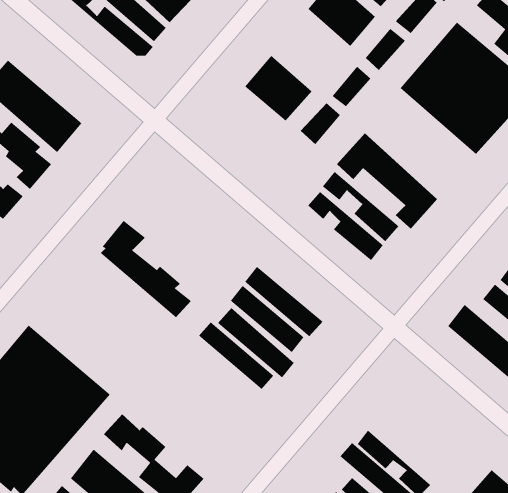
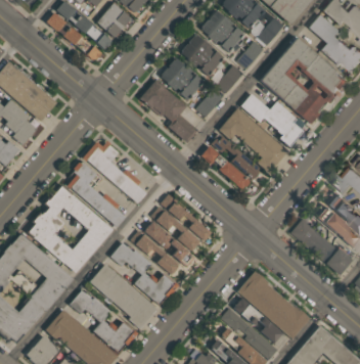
building: none -> [181,34,223,76]
building: none -> [140,80,198,143]
building: none -> [240,93,303,148]
building: none -> [83,143,146,204]
building: none -> [26,185,112,272]
building: none -> [109,242,175,305]
building: none -> [90,265,154,327]
building: none -> [236,272,306,336]

